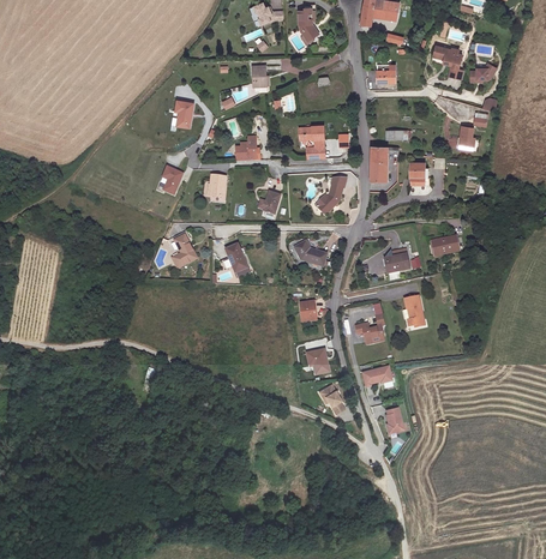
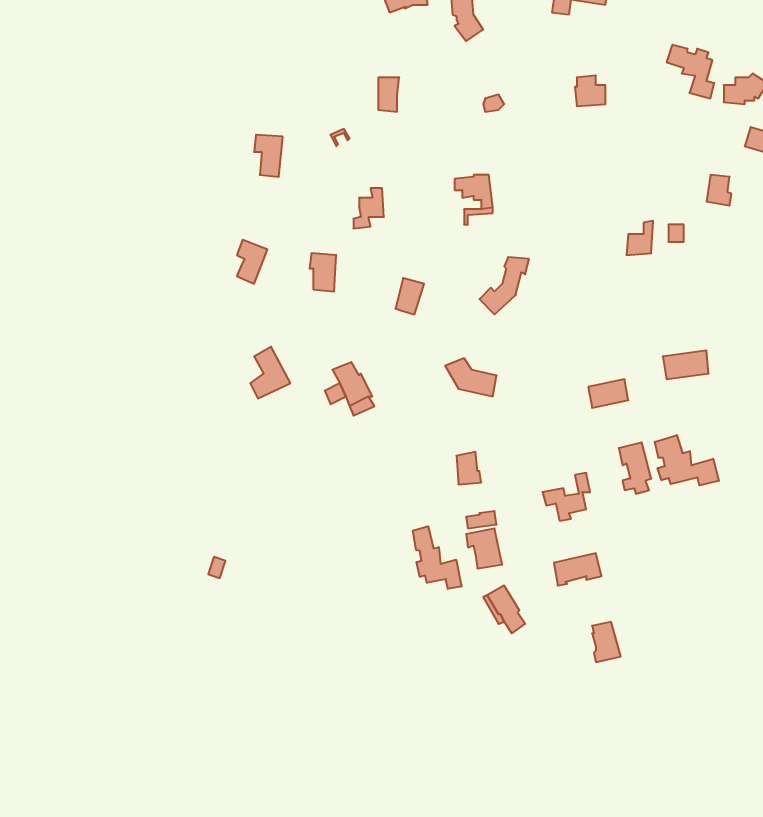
building: [368,145,397,181] -> none
building: none -> [655,435,719,485]
building: none -> [413,526,462,589]

